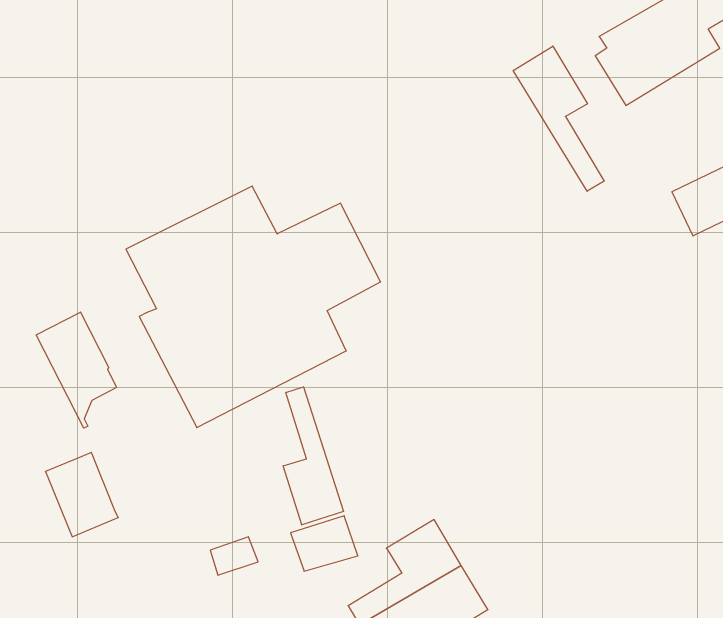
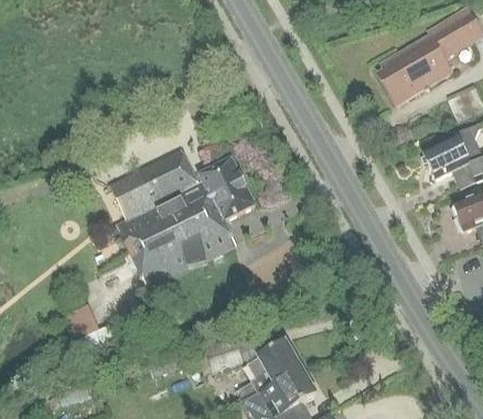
building: [513,46,604,191] -> none
building: [36,312,117,428] -> none
building: [283,387,344,525] -> none

